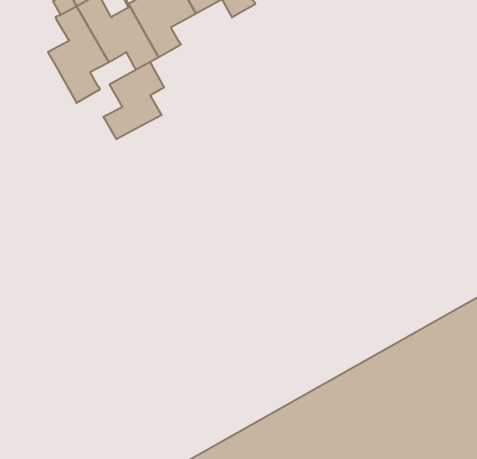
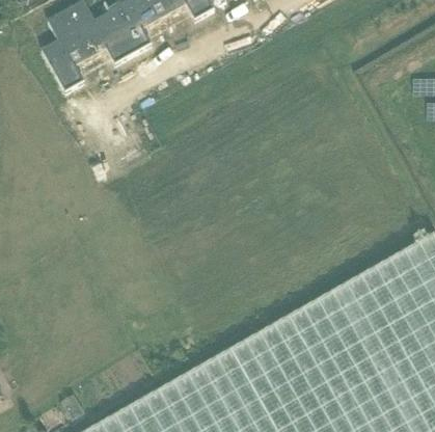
building: [104,62,164,139] -> none

